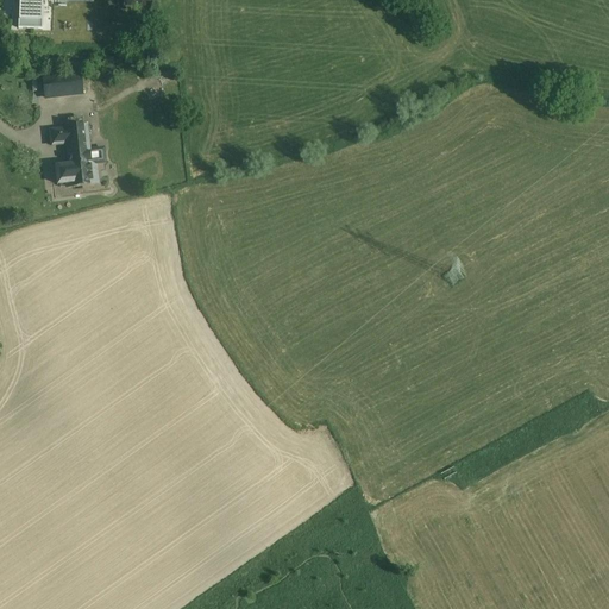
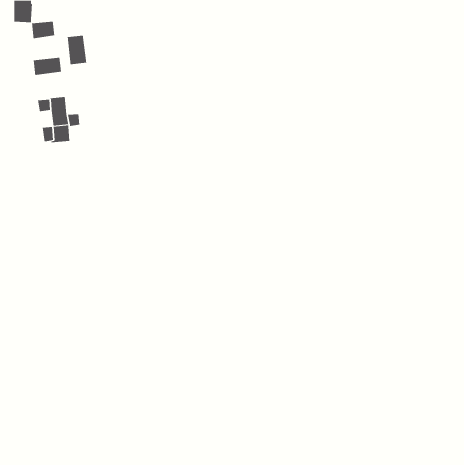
building: none -> [31,21,55,39]
building: none -> [67,35,87,65]

